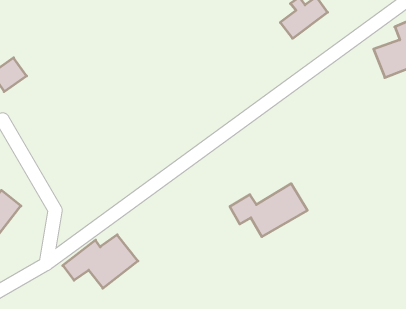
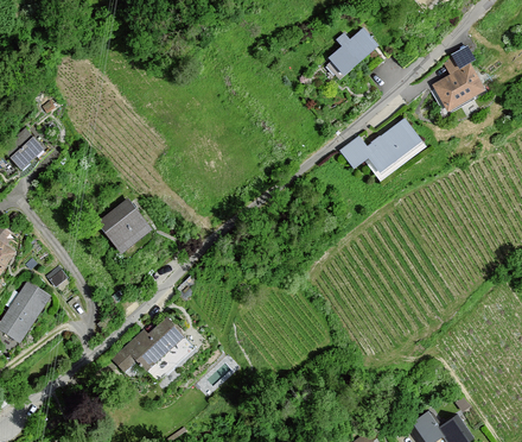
building: none -> [97,200,149,253]
building: [230,184,307,237] -> [338,119,426,182]

